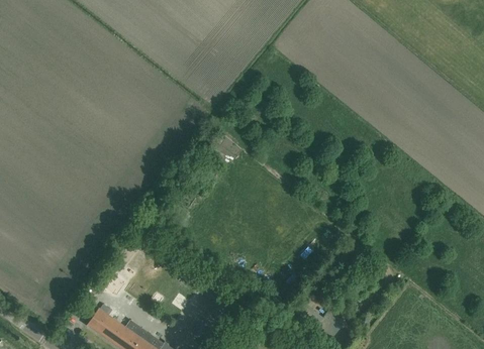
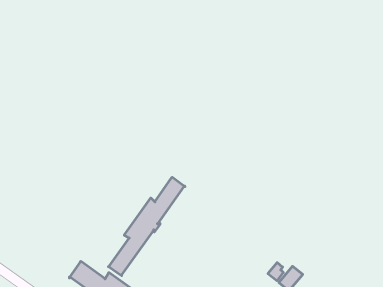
building: none -> [108,177,185,276]

